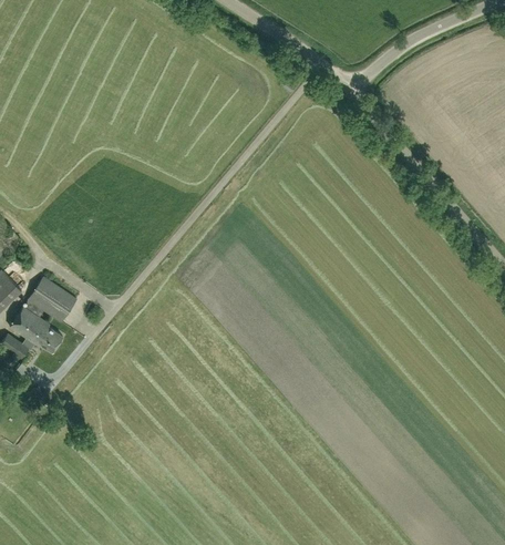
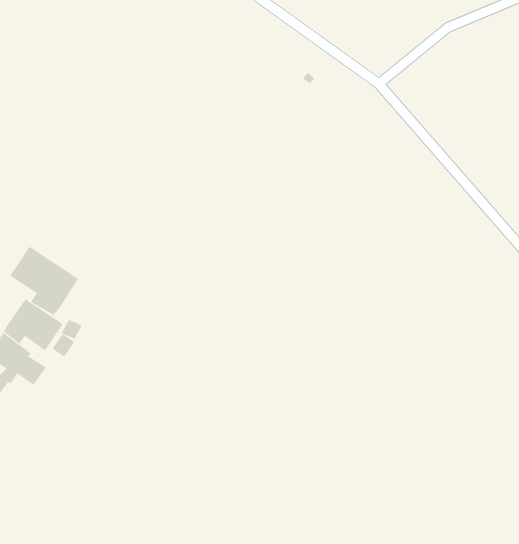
building: none -> [9,246,79,316]

